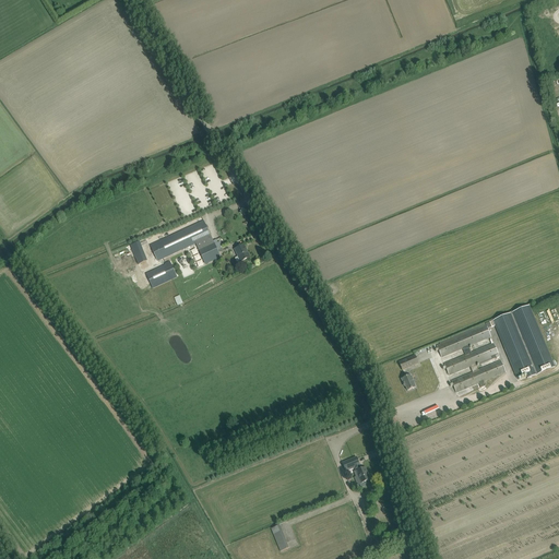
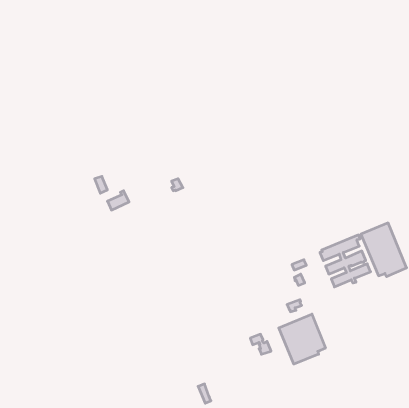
building: [148,219,219,262] -> none
building: none -> [279,314,325,364]

